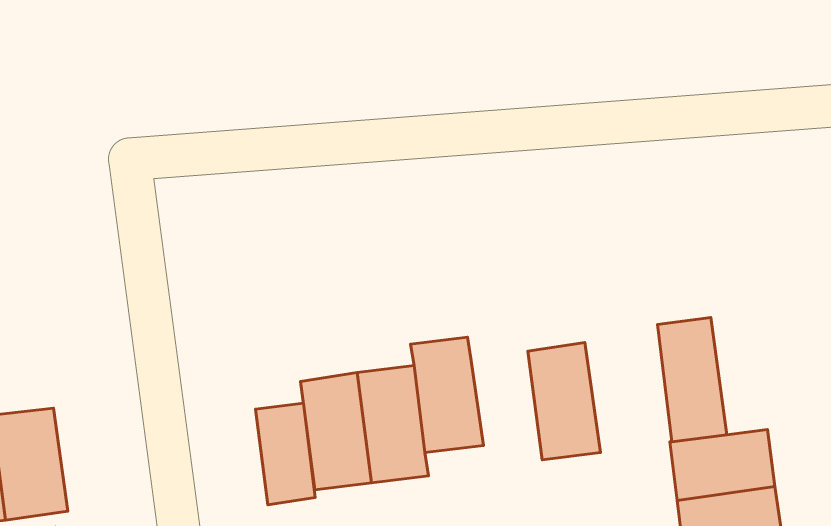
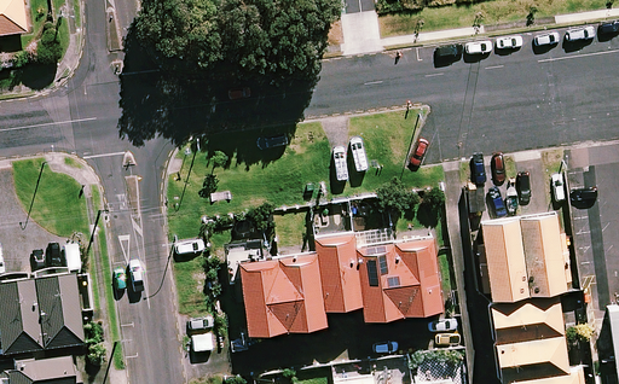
building: none -> [520,214,568,298]
building: none -> [357,242,405,320]
building: [255,403,315,505] -> none

